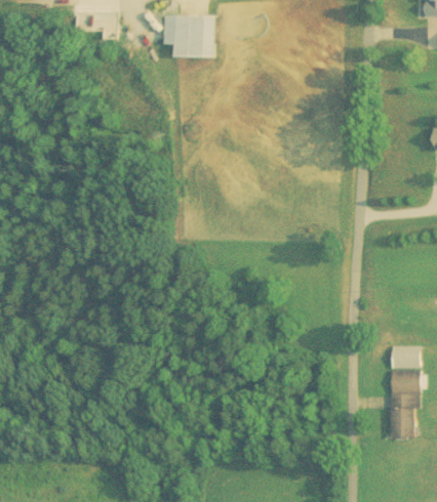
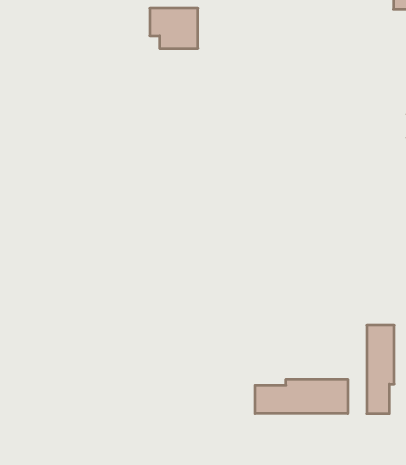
building: none -> [255,379,348,414]

